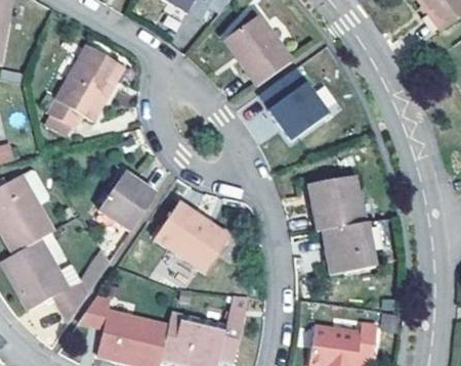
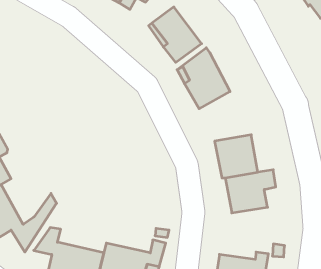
building: [47,45,123,128] -> none
building: [97,172,156,231] -> none
building: [155,200,229,272] -> none

